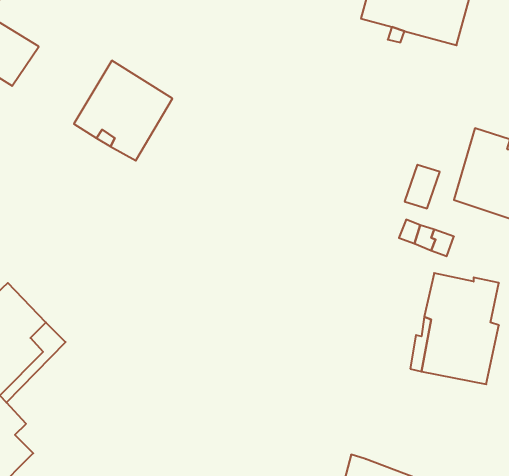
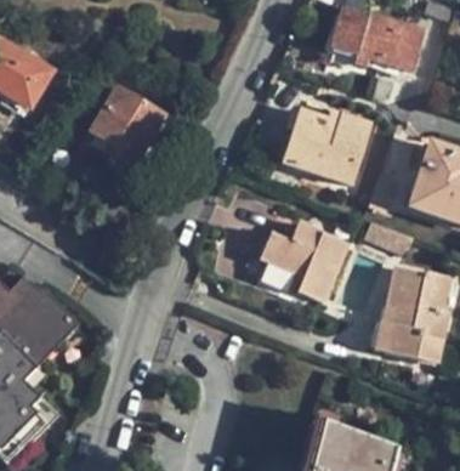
building: none -> [283,110,369,183]
building: none -> [260,223,348,302]

